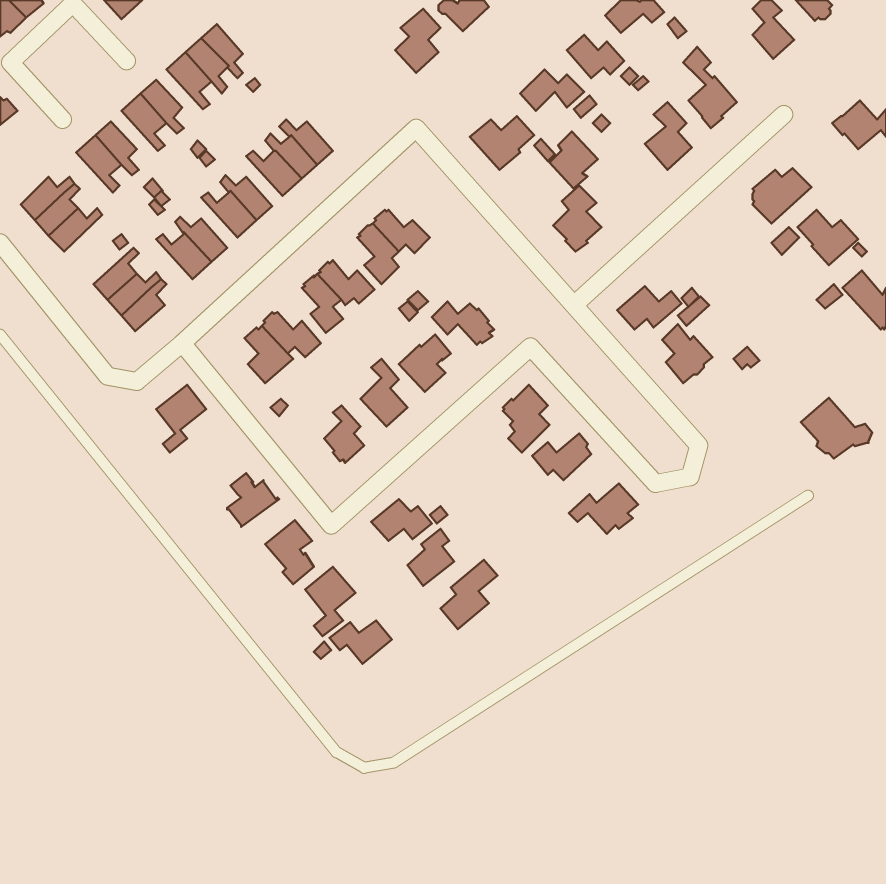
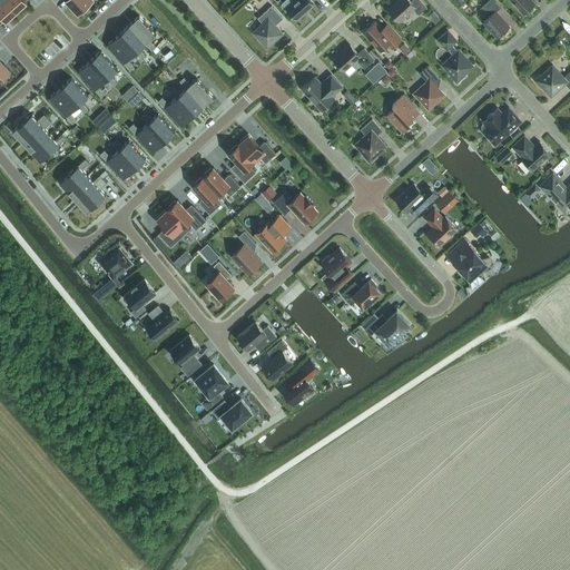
building: [549,131,598,189] -> [387,96,419,132]
building: [801,398,872,458] -> [448,240,493,279]
building: none -> [125,278,155,317]

